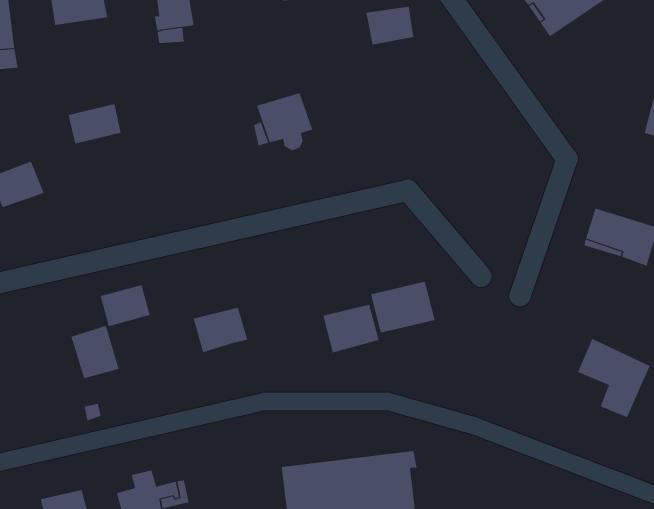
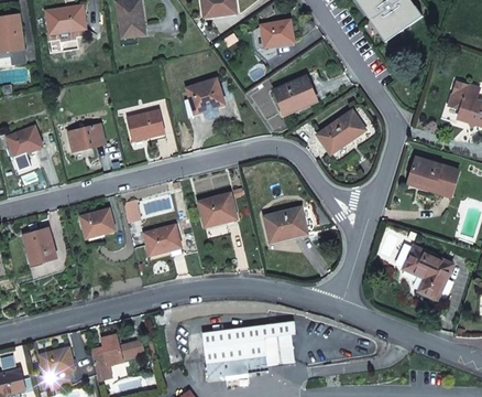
building: none -> [273,75,317,115]
building: [68,104,122,144] -> [68,124,105,151]
building: none -> [127,110,164,140]
building: none -> [317,110,364,152]
building: [322,304,379,353] -> [198,193,237,226]
building: [71,325,119,379] -> [23,227,56,264]

